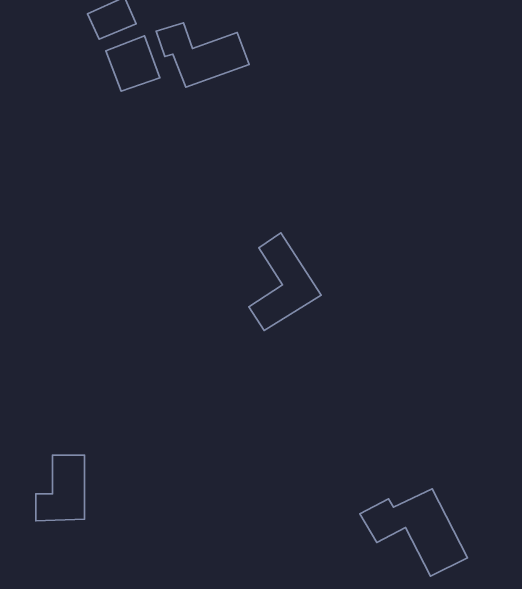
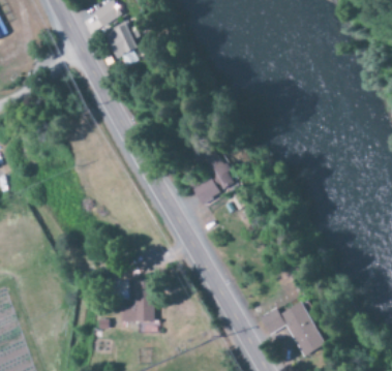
building: [156,23,249,87] -> none
building: [36,455,84,521] -> [122,282,152,322]

